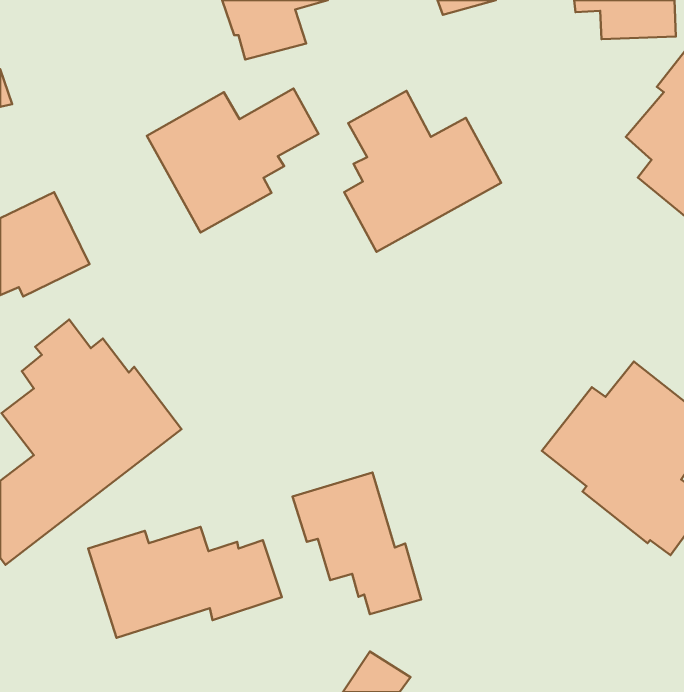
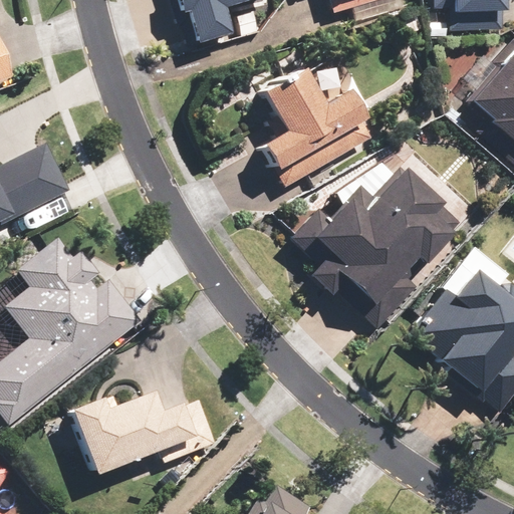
building: [147,88,319,233] -> none
building: none -> [291,166,465,329]
building: [293,472,421,614] -> none

